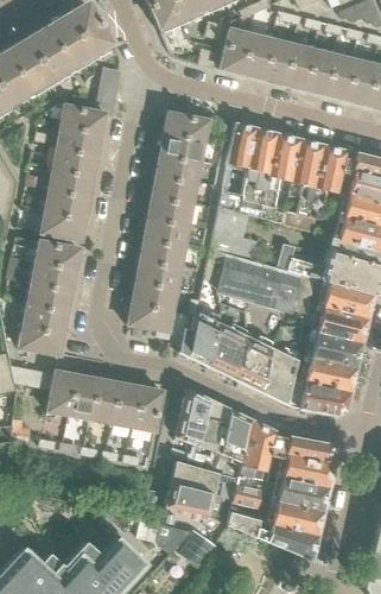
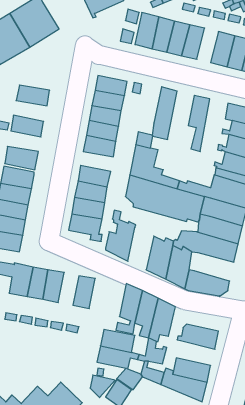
building: [305,46,335,94] -> none
building: [61,67,121,132] -> none
building: [226,122,256,177] -> none
building: [261,133,301,223] -> none
building: [310,144,348,219] -> none
building: [52,146,99,175] -> none
building: [44,188,90,216] -> none
building: [145,216,190,244] -> none
building: [210,321,248,379] -> none
building: [301,355,356,394] -> none
building: [114,383,142,428] -> none
building: [177,388,208,443] -> none
building: [269,436,337,463] -> none
building: [273,476,330,511] -> none

